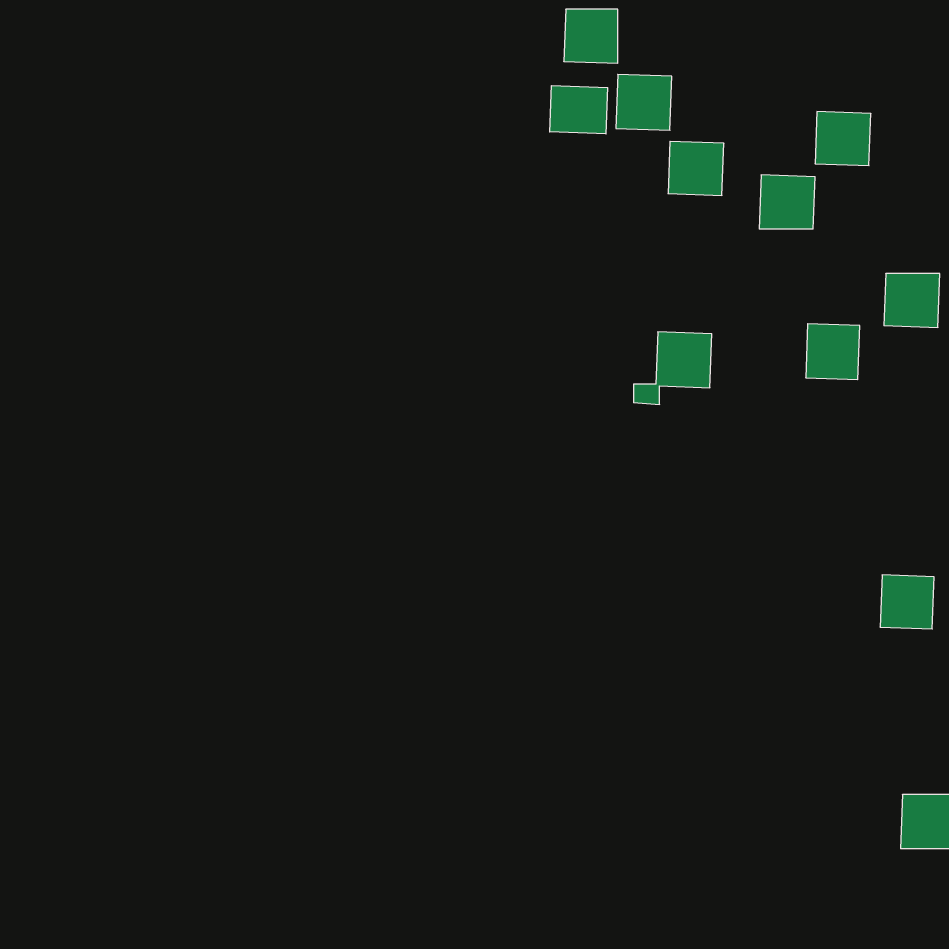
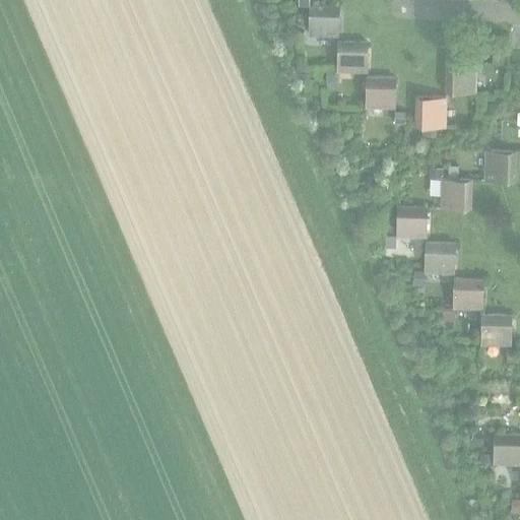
building: [550,86,608,134] -> none
building: [634,332,712,404] -> [384,206,427,246]
building: none -> [424,242,454,272]
building: none -> [453,278,482,308]

